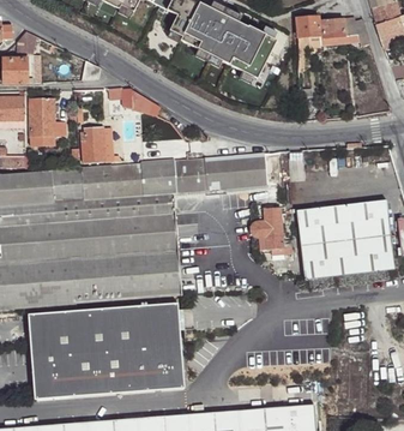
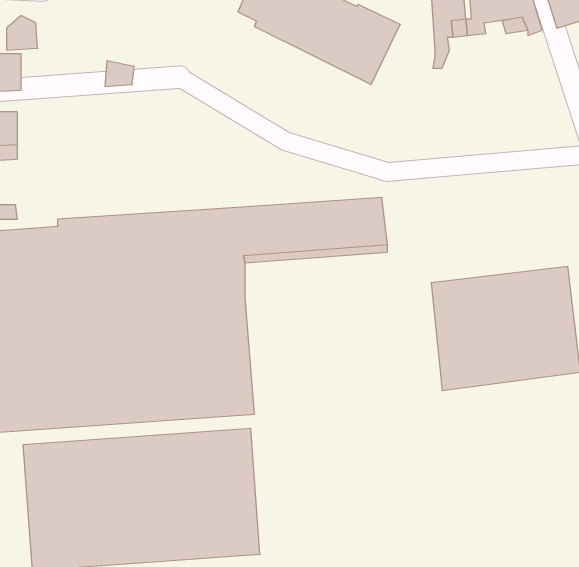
building: [121,88,158,116] -> none
building: [30,96,64,144] -> none
building: [82,126,105,162] -> none
building: [251,205,293,249] -> none

